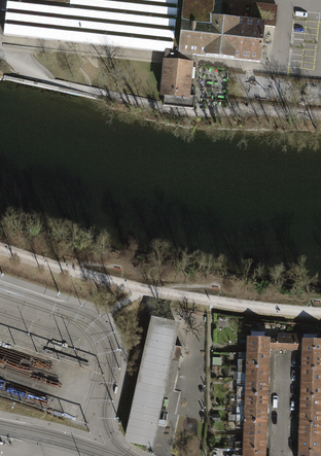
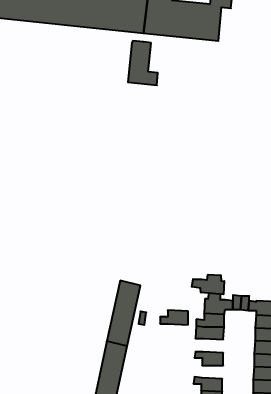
building: none -> [192,275,224,294]
building: [237,378,266,393] -> [160,310,188,325]
building: [236,406,266,421] -> none

